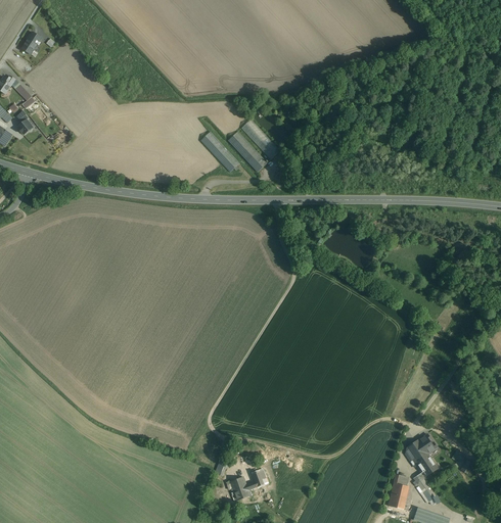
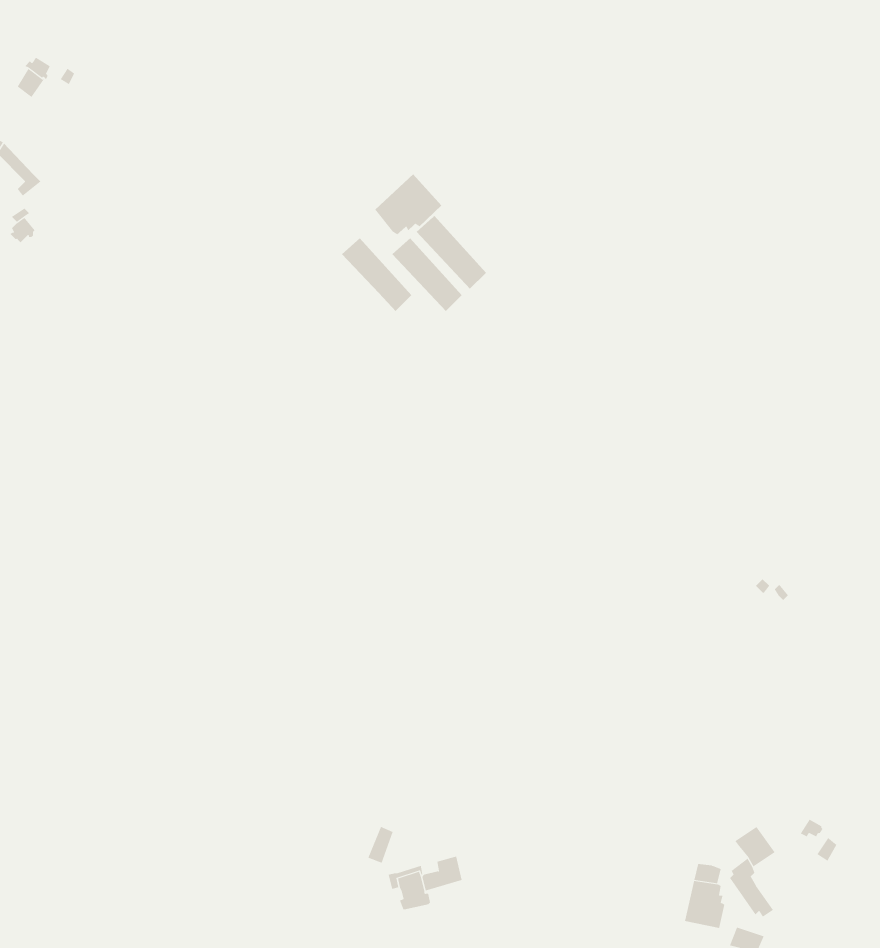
building: none -> [374,173,442,235]
building: [406,433,437,462] -> none

